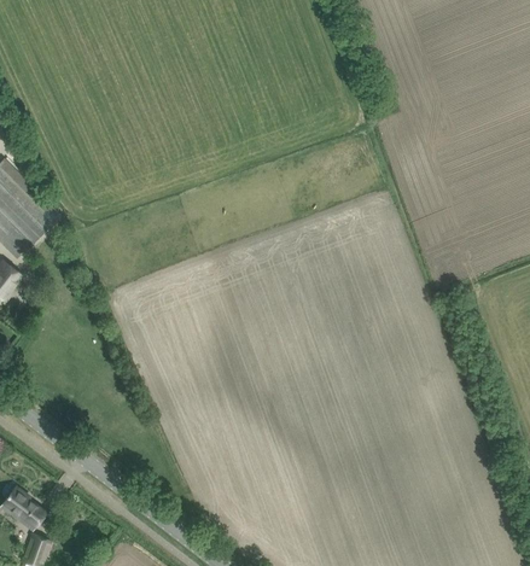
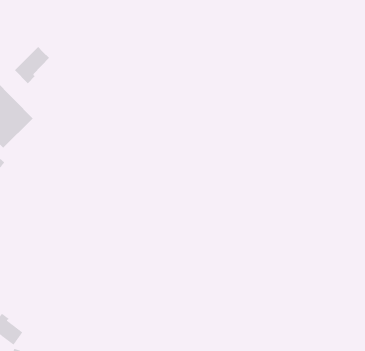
building: none -> [14,46,50,84]

